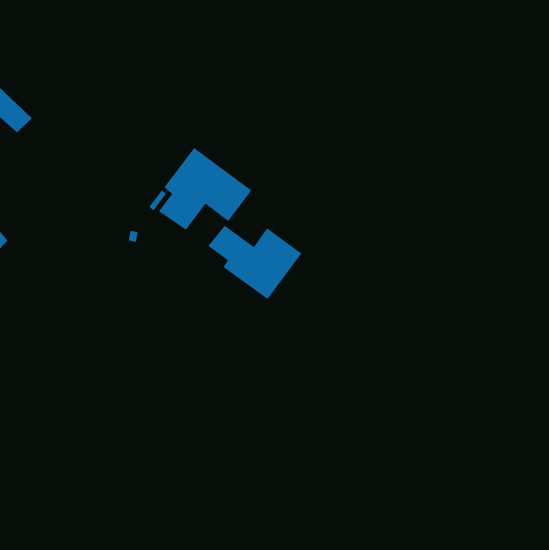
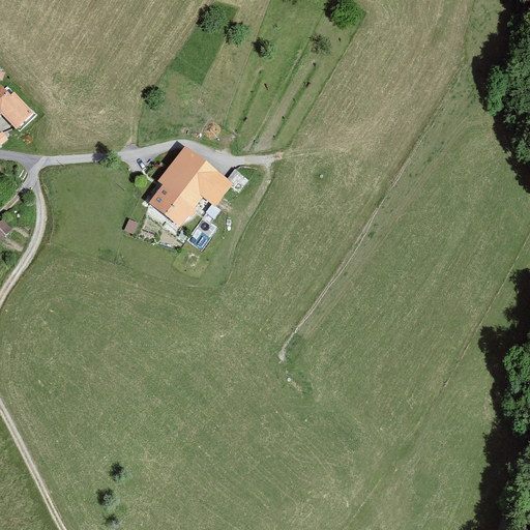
building: [208,225,302,300] -> none

